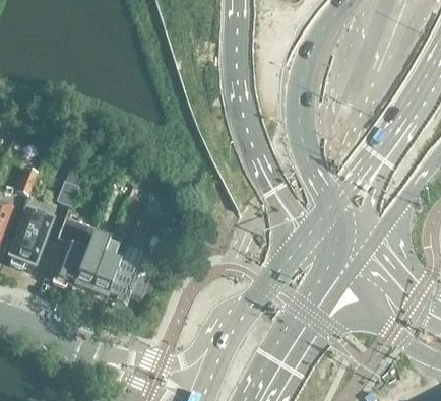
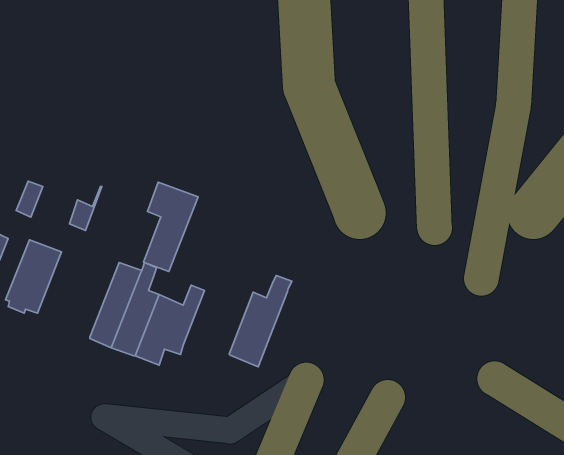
building: [55,212,97,280] -> [143,182,198,271]
building: none -> [229,276,292,367]

